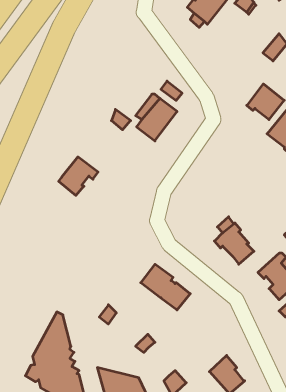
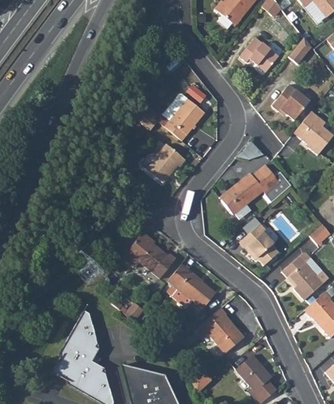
building: none -> [238,38,277,73]
building: [59,157,98,195] -> [145,146,184,184]
building: none -> [220,165,290,215]
building: none -> [121,234,175,279]
building: none -> [199,307,244,352]

